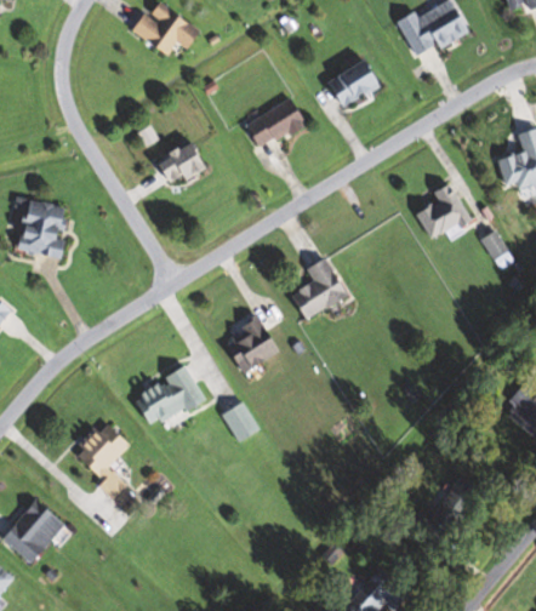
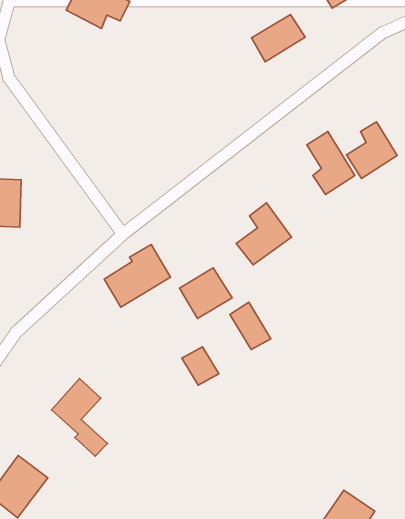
building: [245,97,306,149] -> none
building: [155,139,209,185] -> none
building: none -> [307,132,355,195]
building: none -> [230,302,271,350]
building: [132,365,203,428] -> [104,245,171,307]

